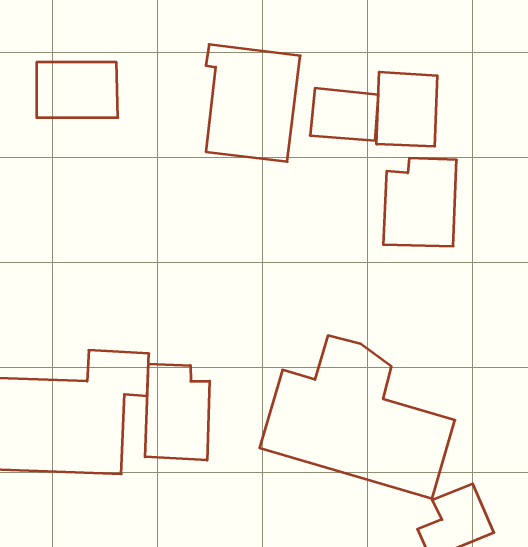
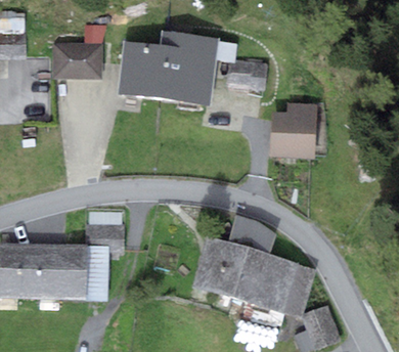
building: none -> [116,40,165,98]
building: [377,72,437,146] -> none
building: [145,364,210,460] -> none

